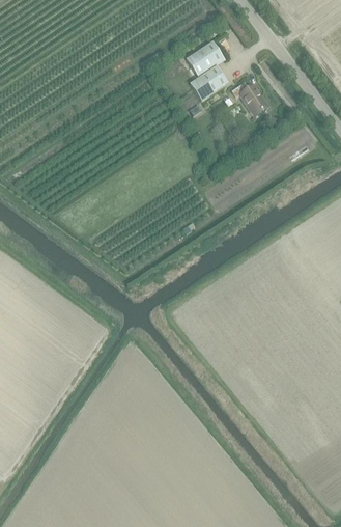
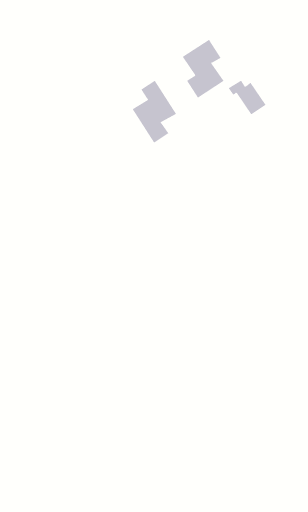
building: none -> [132,80,177,143]

